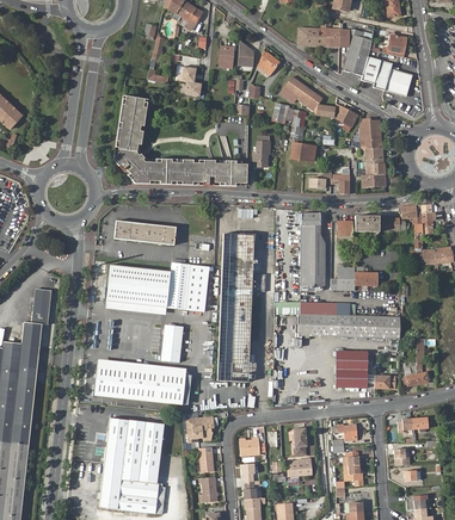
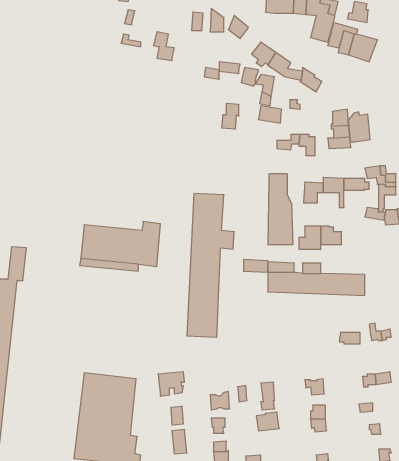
building: [115,94,247,185] -> none
building: [359,117,382,148] -> [348,112,370,142]
building: [113,219,174,243] -> none
building: [185,264,208,309] -> none
building: [161,323,184,361] -> none
building: [336,351,369,386] -> none
building: [94,358,186,404] -> none

